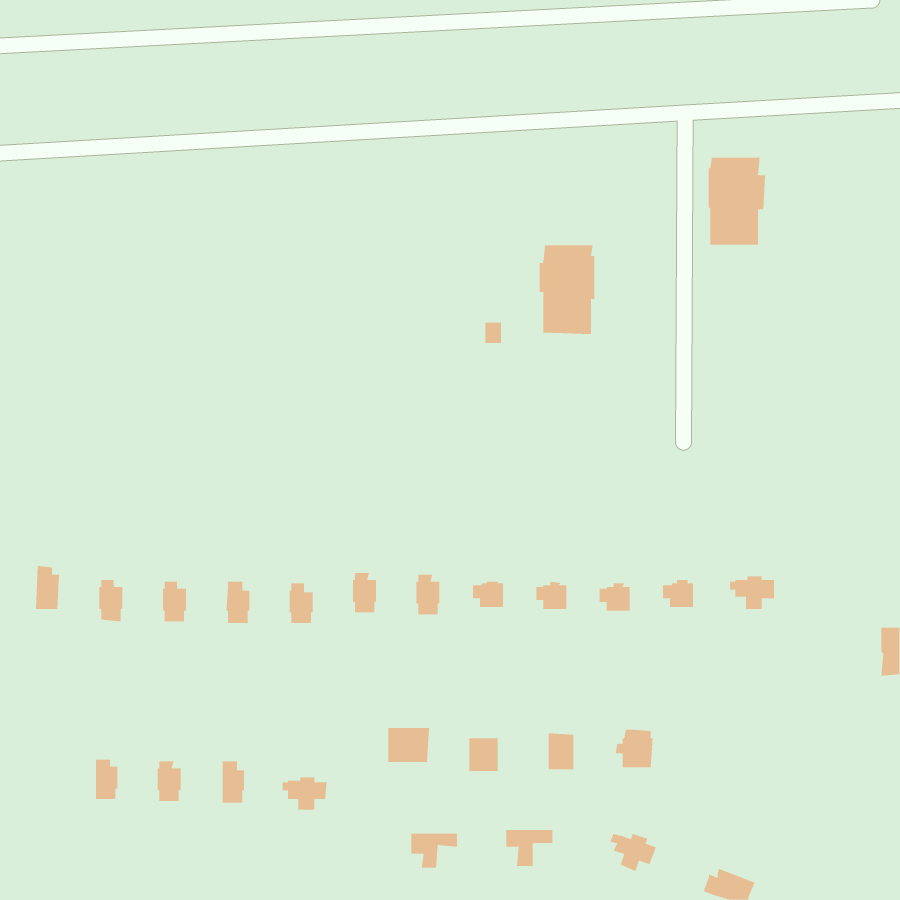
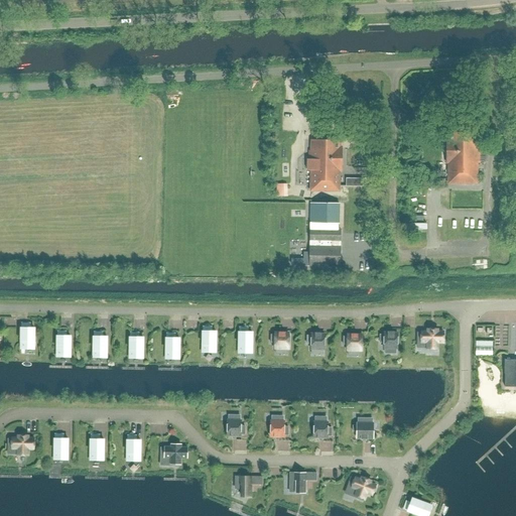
building: [708,157,766,245] -> [446,133,480,183]
building: none -> [309,204,340,268]
building: none -> [7,434,35,456]

